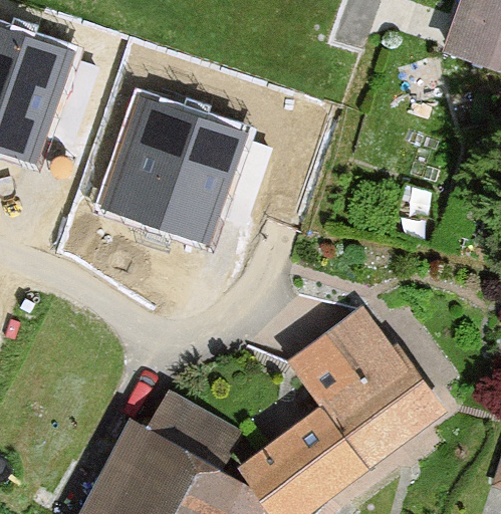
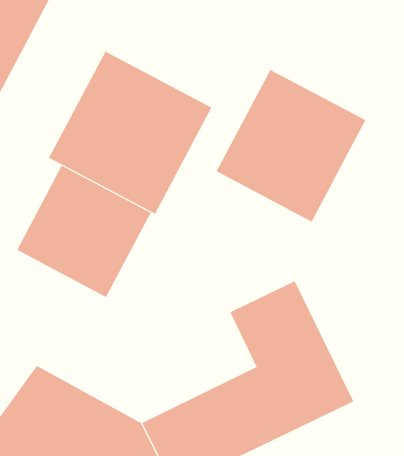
building: none -> [216,69,366,222]
building: none -> [16,165,151,298]

